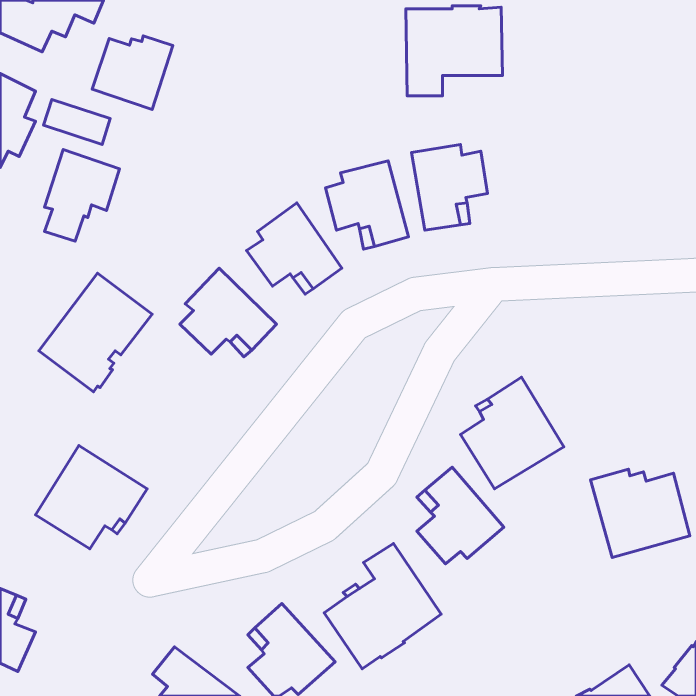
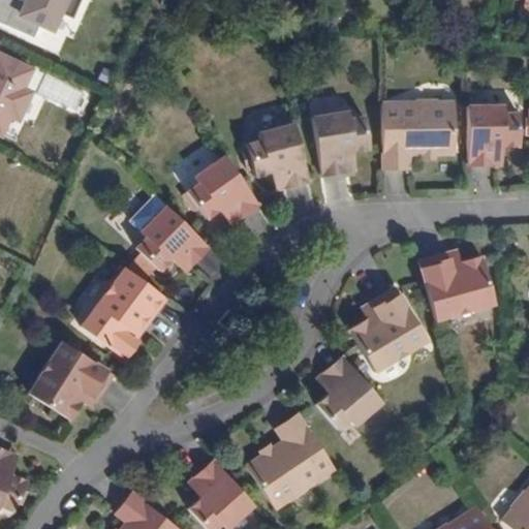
building: [406,6,502,96] -> [382,99,456,167]
building: [92,36,173,109] -> none
building: none -> [467,103,520,164]
building: [44,150,120,241] -> none
building: [39,273,152,392] -> [82,267,167,356]
building: [590,469,690,558] -> [419,251,495,318]

